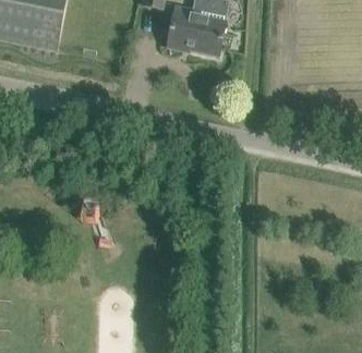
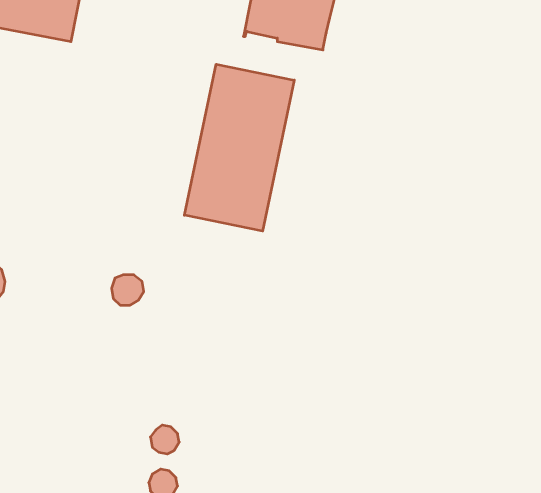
building: none -> [184,64,294,231]

